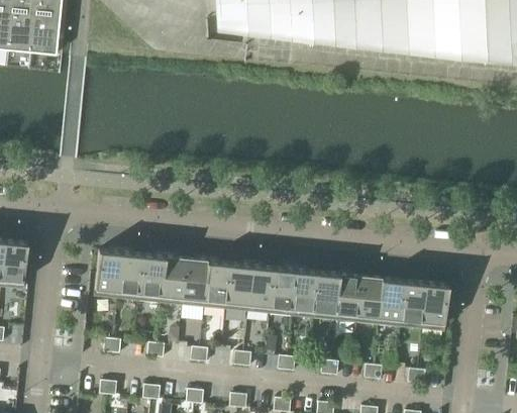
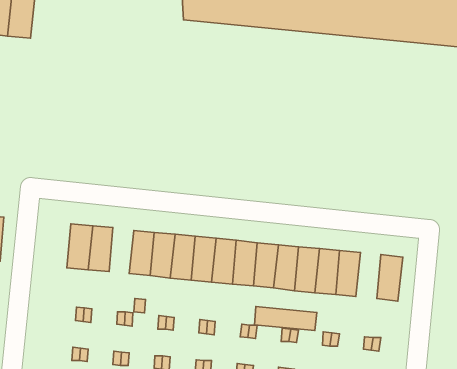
building: [138,253,165,302] -> none
building: [399,280,425,328] -> none
building: none -> [255,307,317,331]

